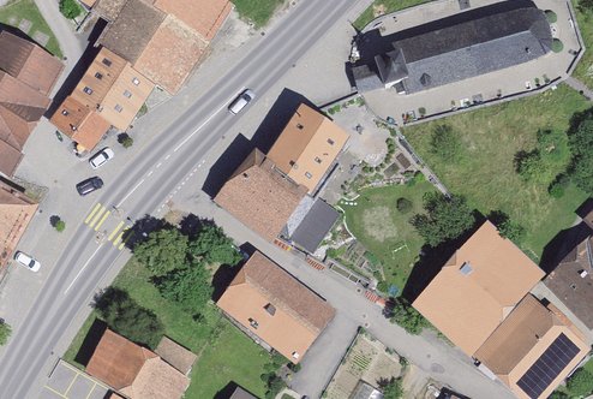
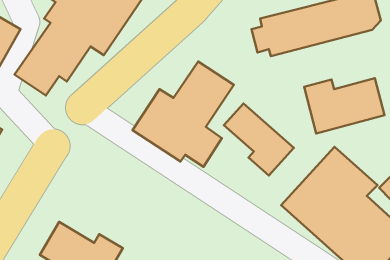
building: none -> [304,78,384,134]
building: none -> [224,103,294,175]
building: [218,254,333,358] -> none

